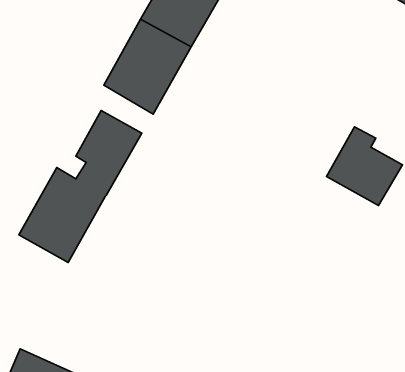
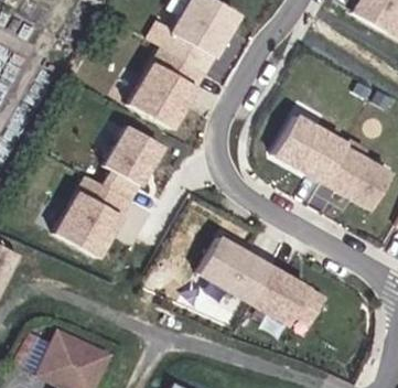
building: none -> [272,116,344,183]
building: none -> [197,237,325,325]

